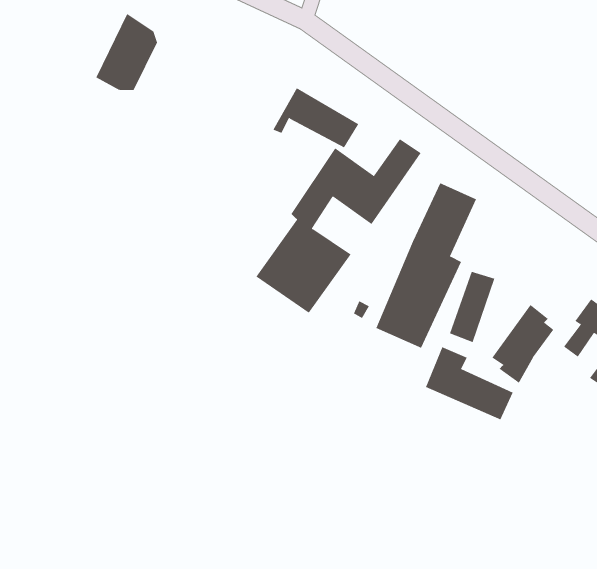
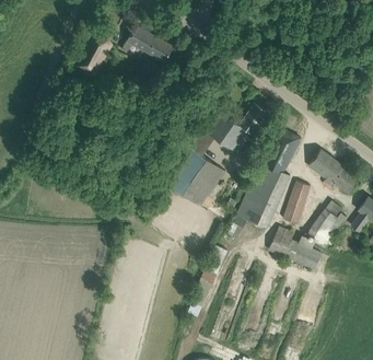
building: [273,87,359,148] -> [121,24,173,60]
building: none -> [308,149,360,194]

